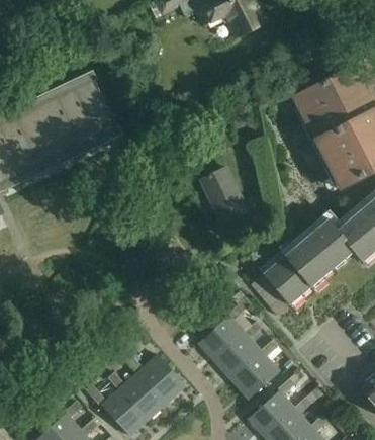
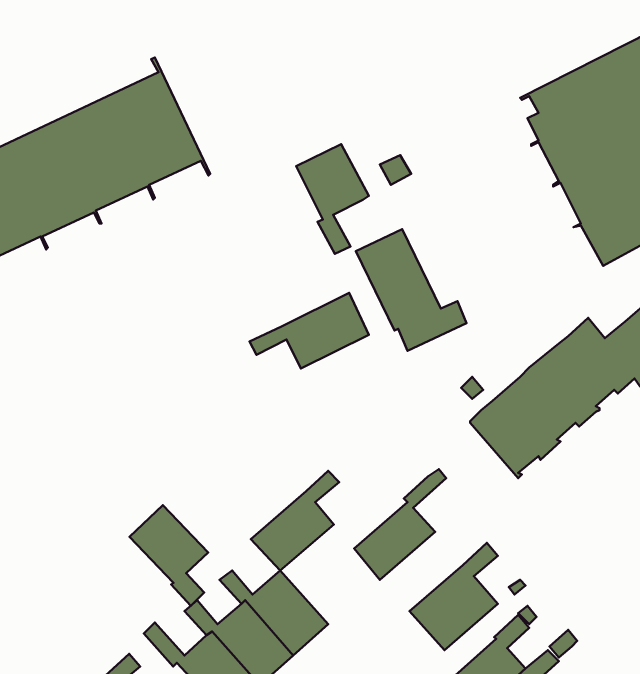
building: none -> [296,144,369,254]
building: none -> [250,293,369,369]
building: none -> [130,505,208,606]
building: [213,323,262,377] -> [251,471,339,571]

